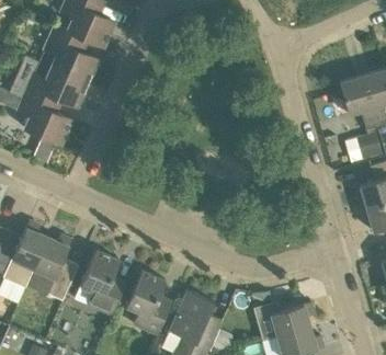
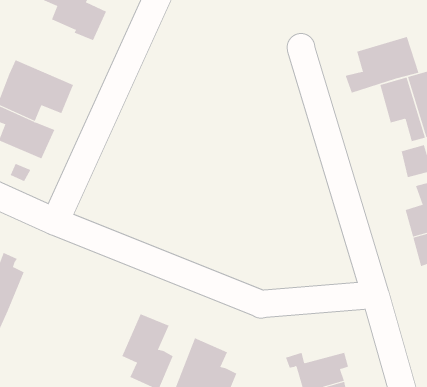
building: [38,23,98,82] -> none
building: none -> [345,36,419,94]
building: [33,234,78,301] -> none
building: [80,250,124,313] -> none

